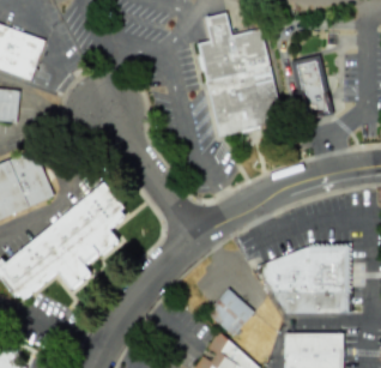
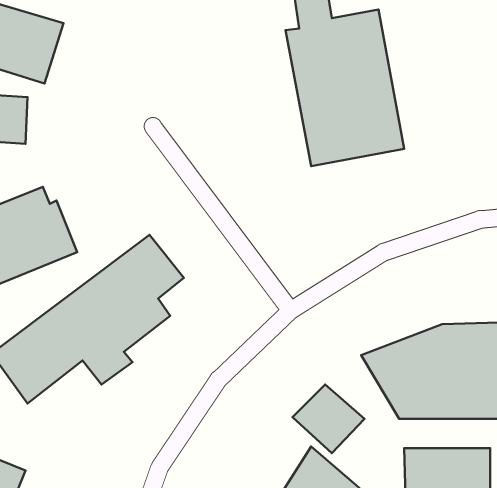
building: [295,54,333,117] -> none

